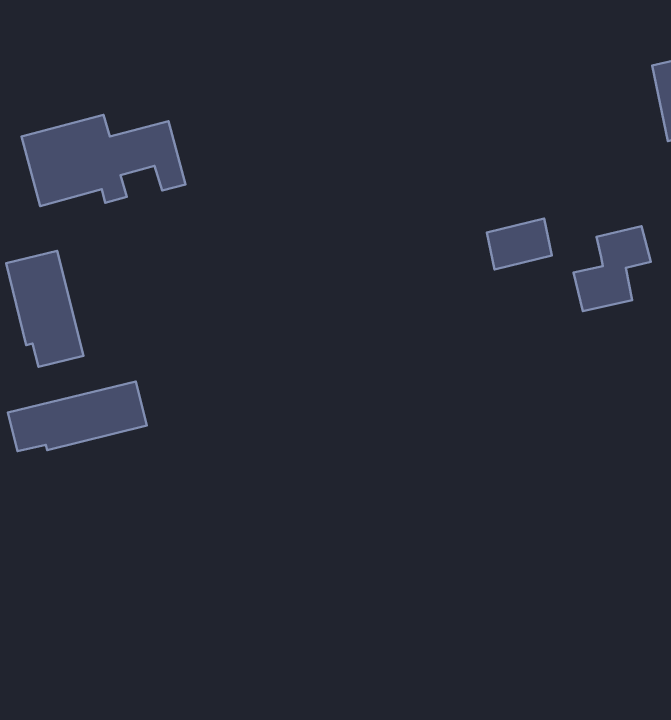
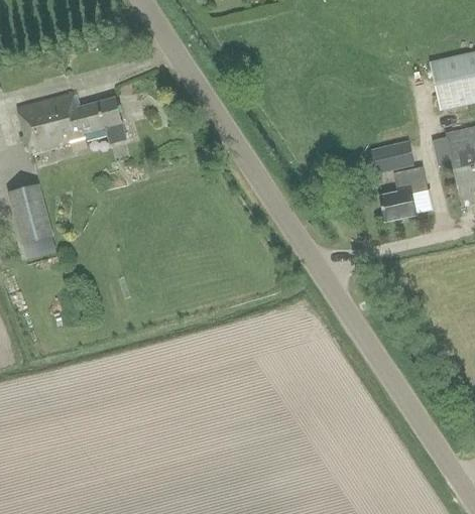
building: [487,218,552,269] -> [371,140,413,173]
building: [8,382,147,451] -> none

